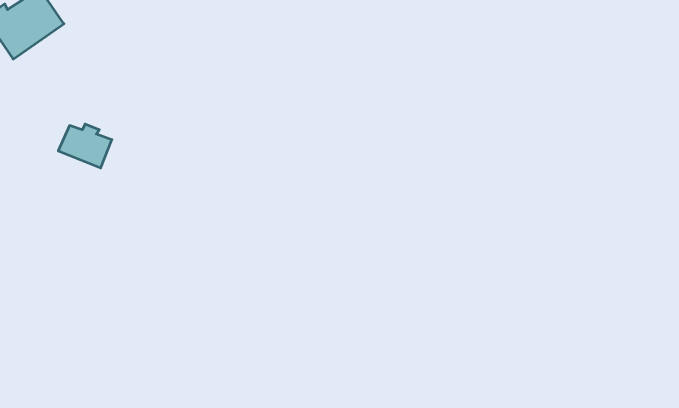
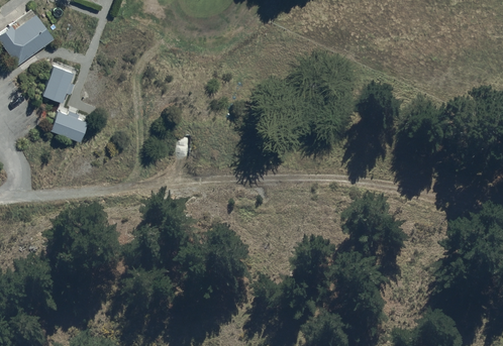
building: none -> [42,66,74,104]

